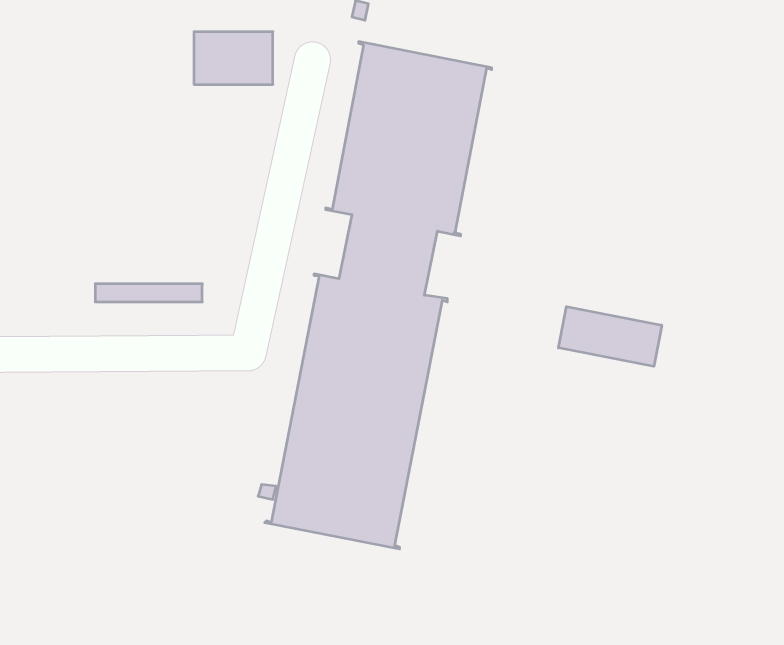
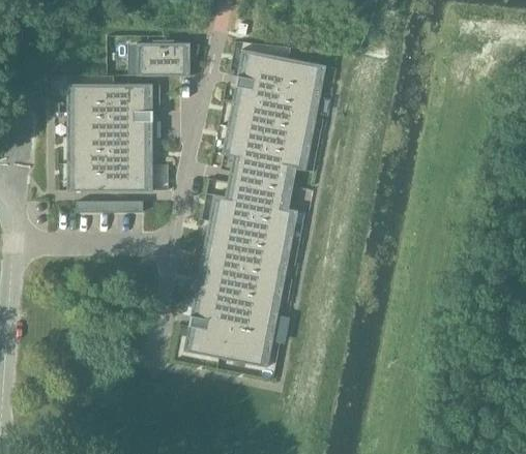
building: none -> [71,83,150,190]
building: [558,307,662,366] -> none

